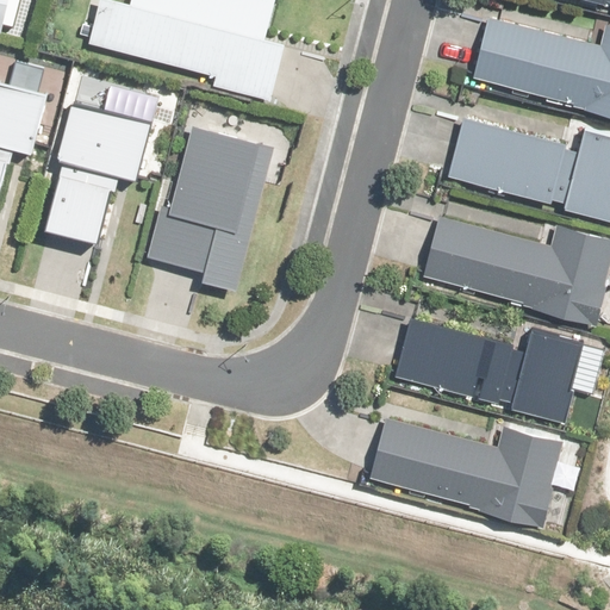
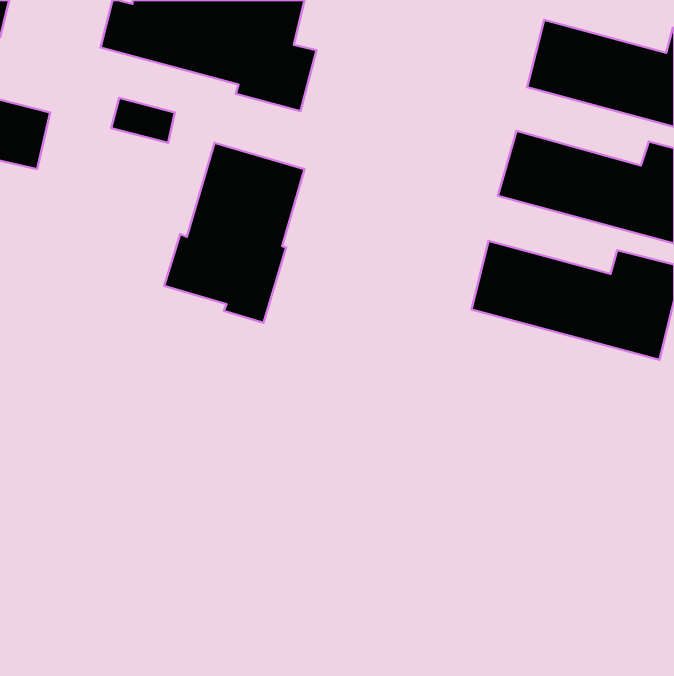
building: [35,108,143,239] -> none
building: [396,319,585,424] -> none
building: [369,415,566,524] -> none

